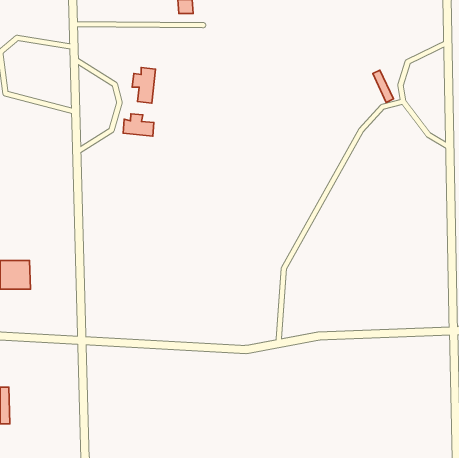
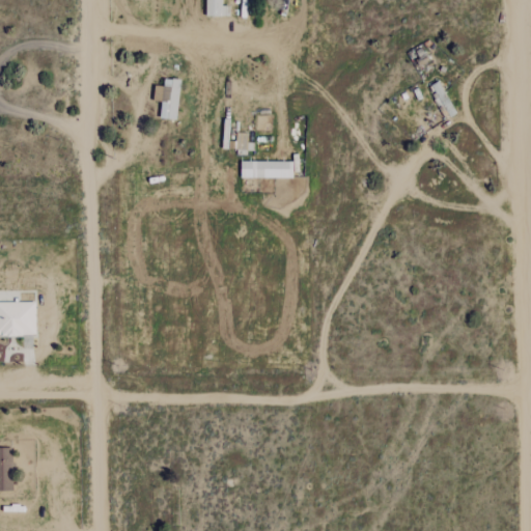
building: [123,114,154,136] -> none
building: none -> [240,161,292,178]

